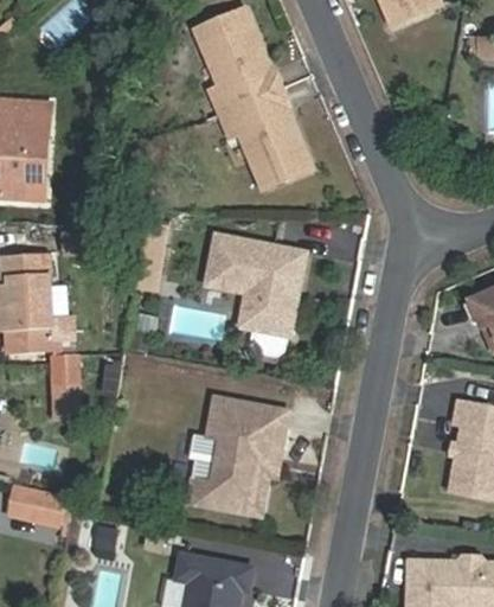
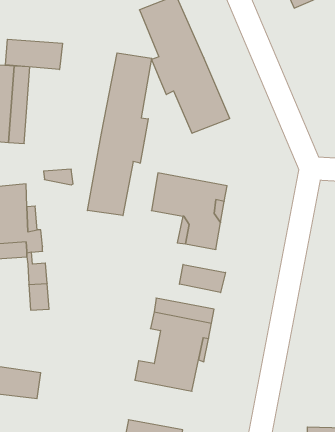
building: none -> [6,39,62,70]
building: none -> [87,53,152,216]
building: none -> [179,264,225,293]

